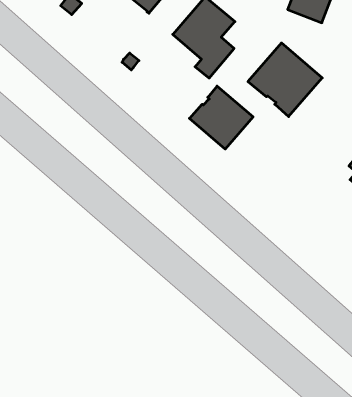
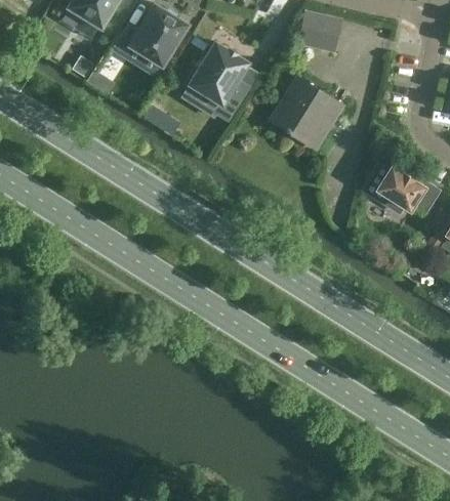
building: [189,86,253,149] -> none

